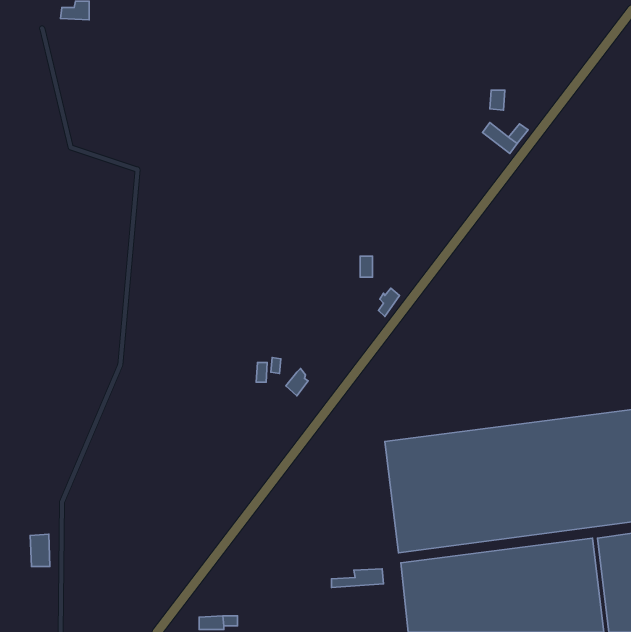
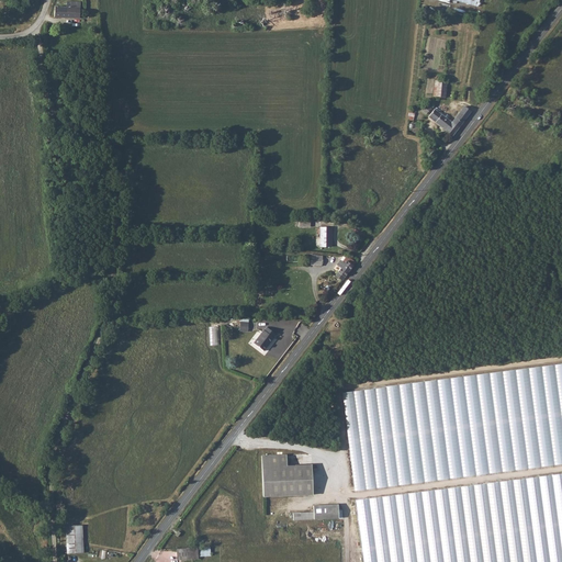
building: none -> [263,454,314,498]
building: [30,534,50,566] -> [67,525,85,553]

